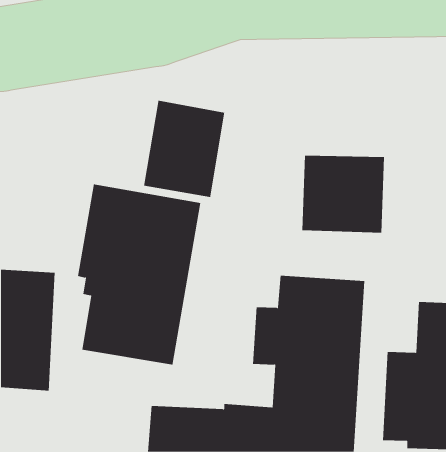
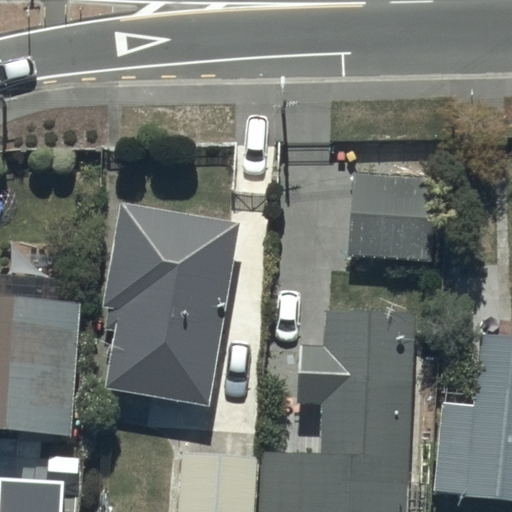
building: [143,100,225,198] -> none

